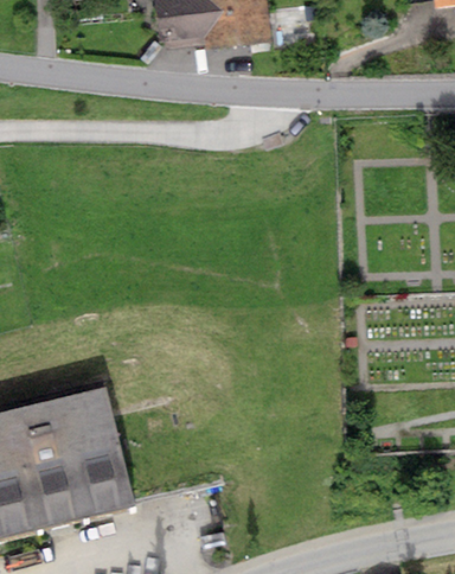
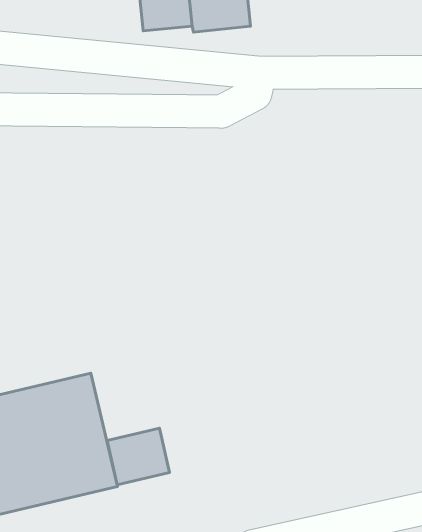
building: none -> [107,428,170,485]

